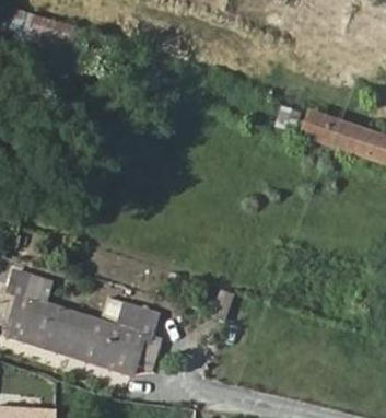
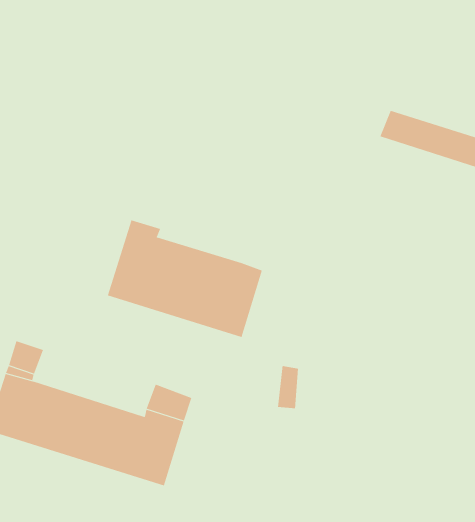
building: none -> [107,219,262,338]

